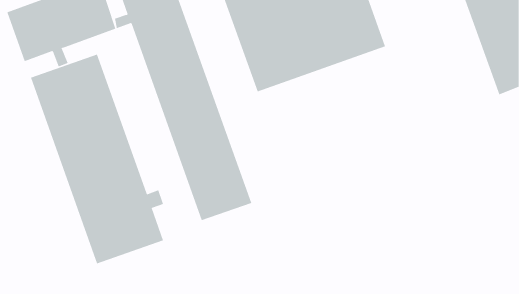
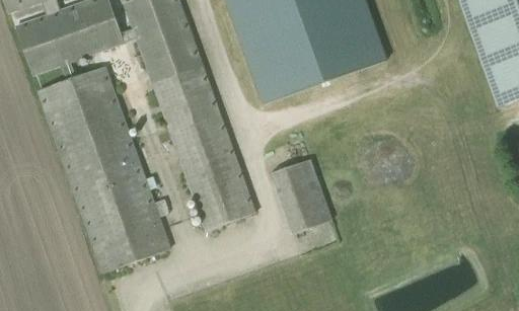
building: none -> [271,158,331,233]

